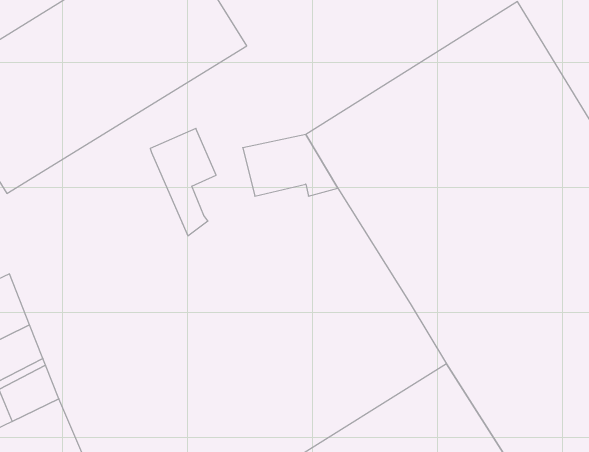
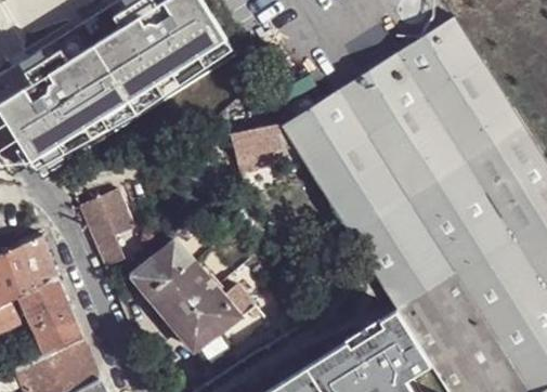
building: [150,128,216,236] -> [79,192,132,278]
building: none -> [131,240,268,369]

